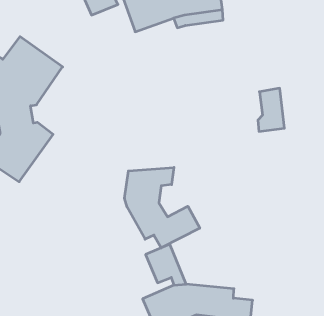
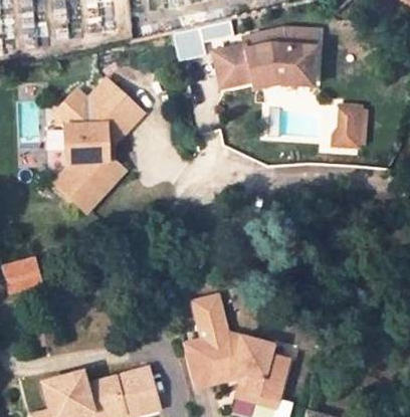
building: [258,88,284,131] -> [336,106,363,145]
building: [125,167,200,248] -> none

